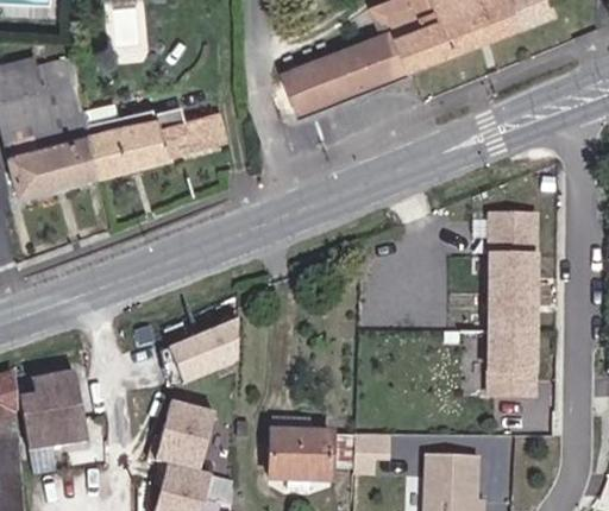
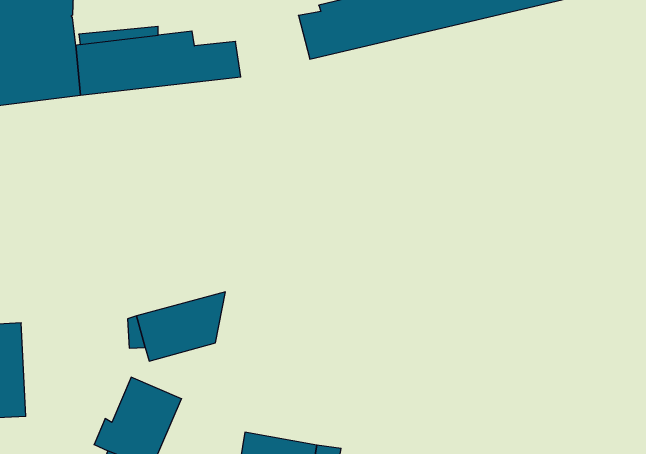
building: [489,215,536,395] -> none

